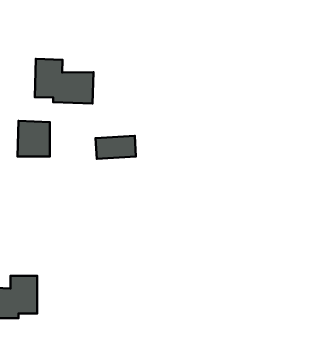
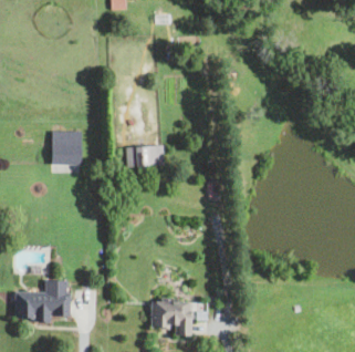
building: [35,59,94,104] -> none
building: none -> [150,301,192,337]

